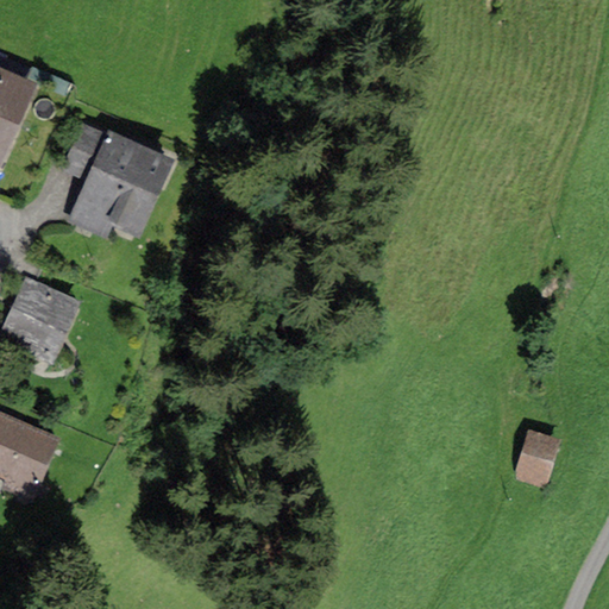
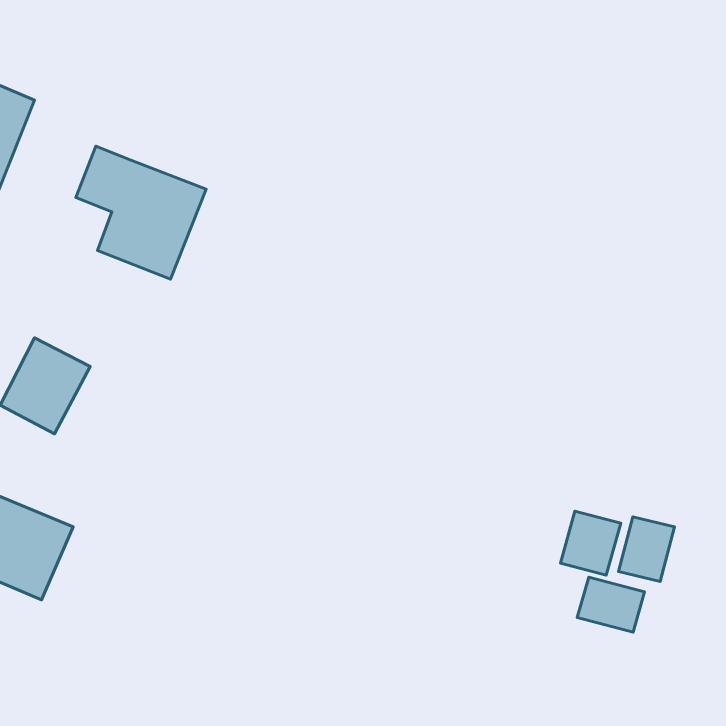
building: none -> [560,511,621,575]
building: none -> [577,577,645,632]

